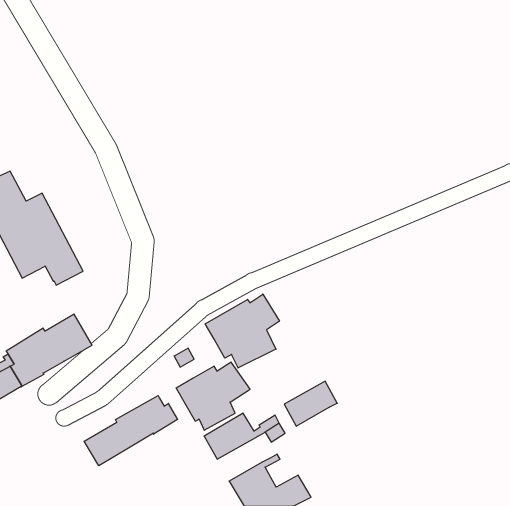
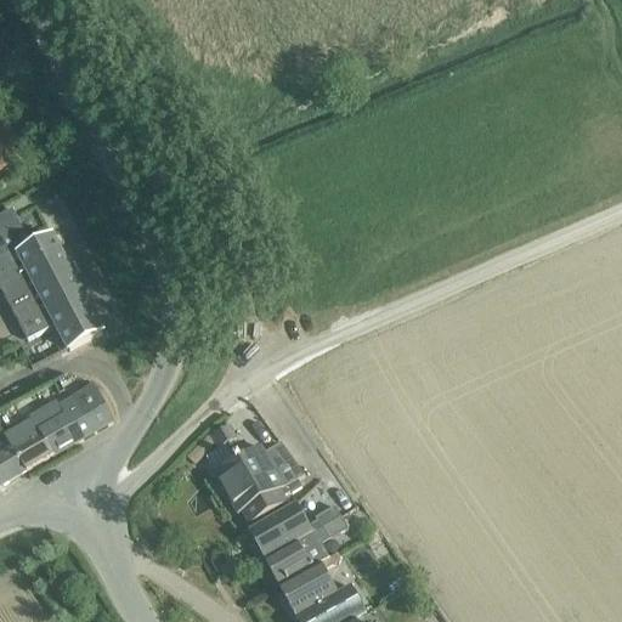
building: [205,294,279,368] -> none
building: [284,381,337,426] -> [264,530,328,584]
building: [84,396,178,466] -> none

